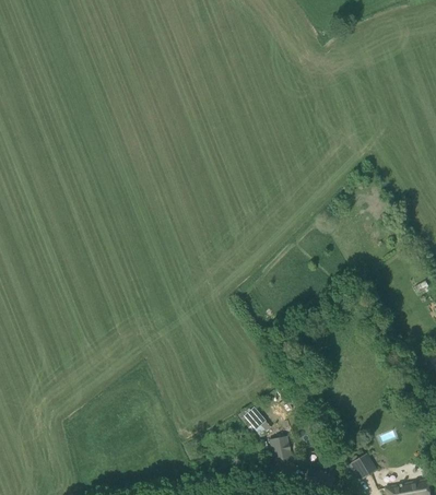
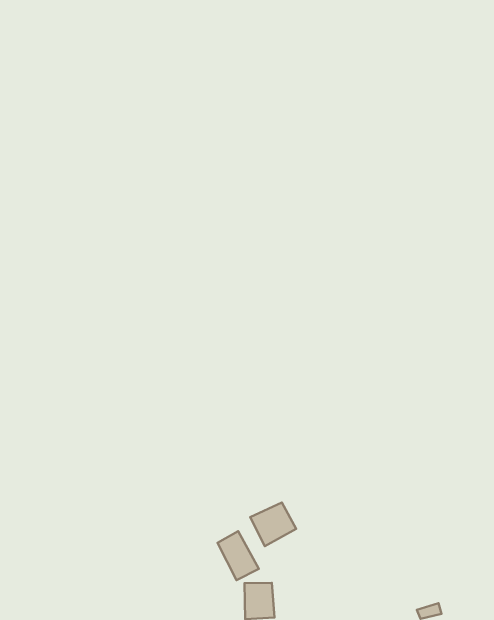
building: none -> [250,502,296,546]

